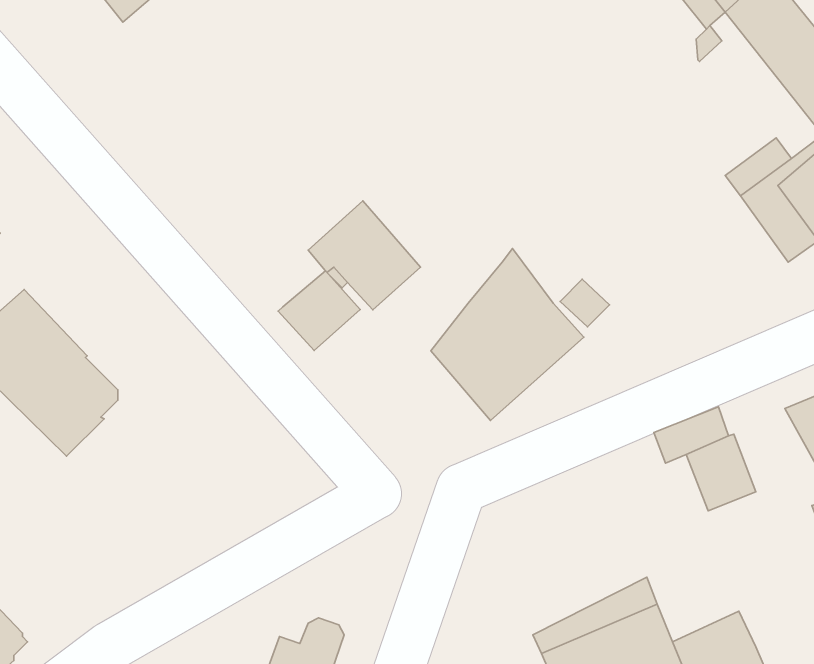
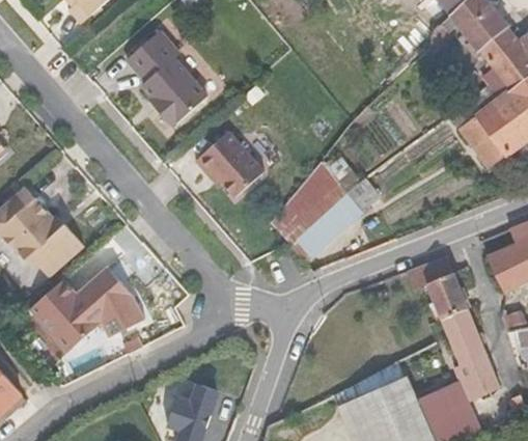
building: none -> [127,29,207,127]
building: [278,271,360,351] -> none
building: none -> [29,266,145,351]
building: none -> [440,308,500,403]

